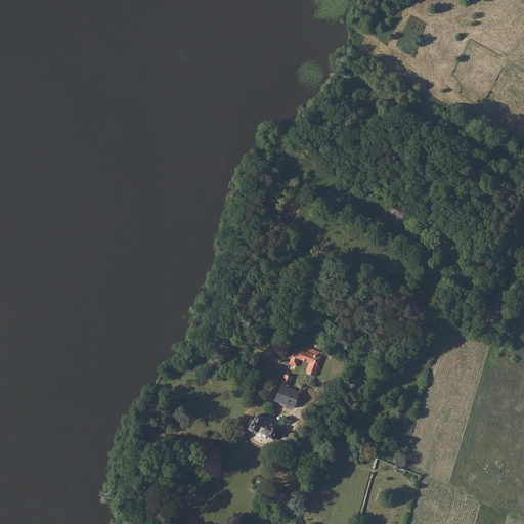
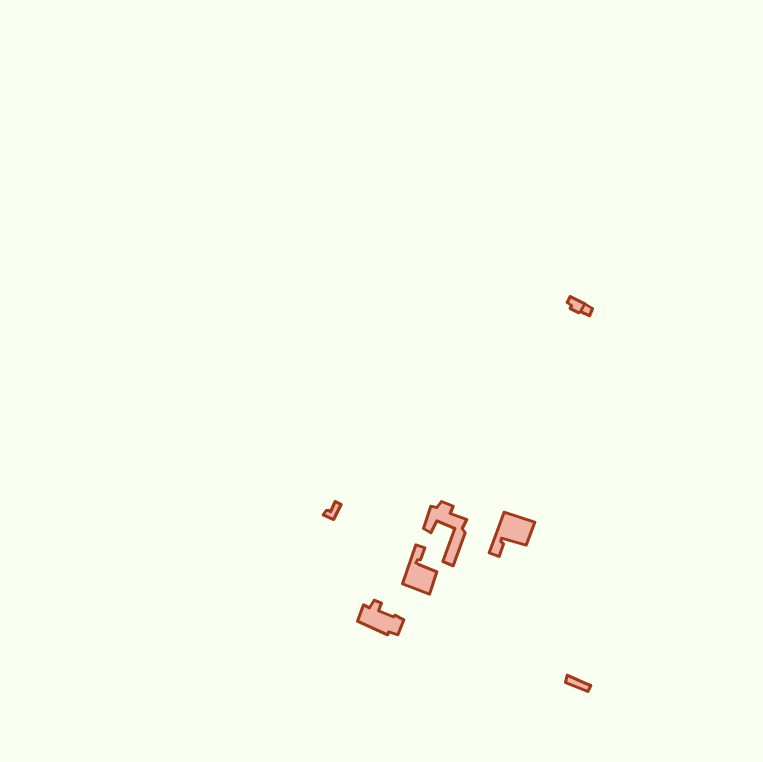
building: none -> [489,512,535,556]

